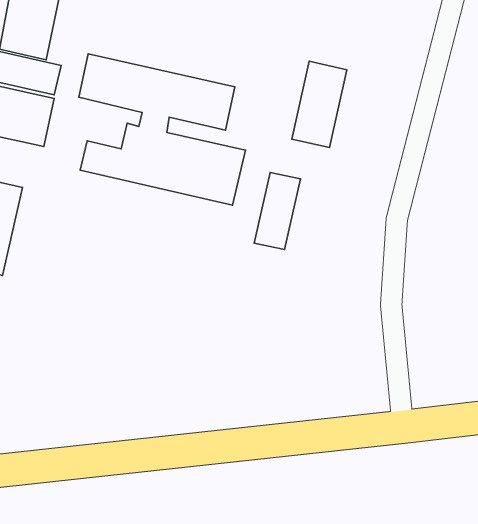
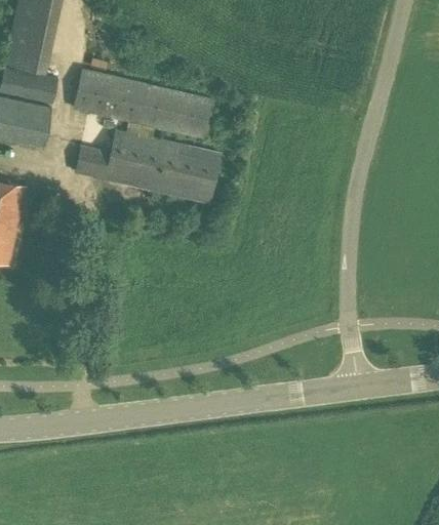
building: [292,61,347,148] -> none
building: [254,173,300,250] -> none

